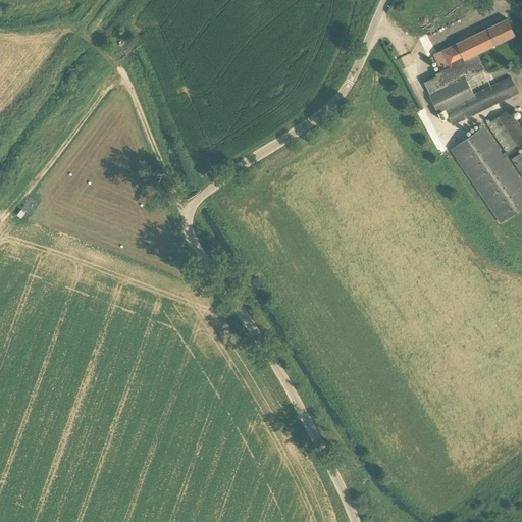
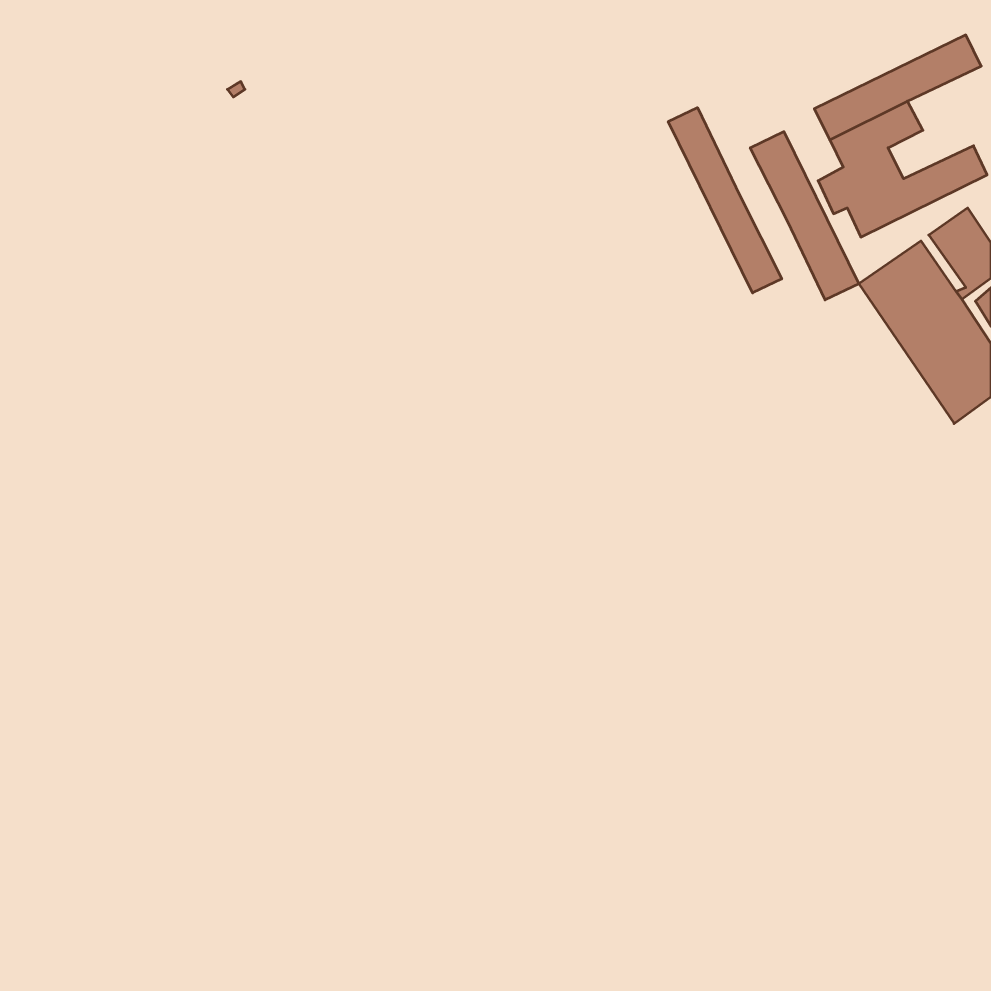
building: none -> [668,108,782,293]
building: none -> [750,132,859,300]

